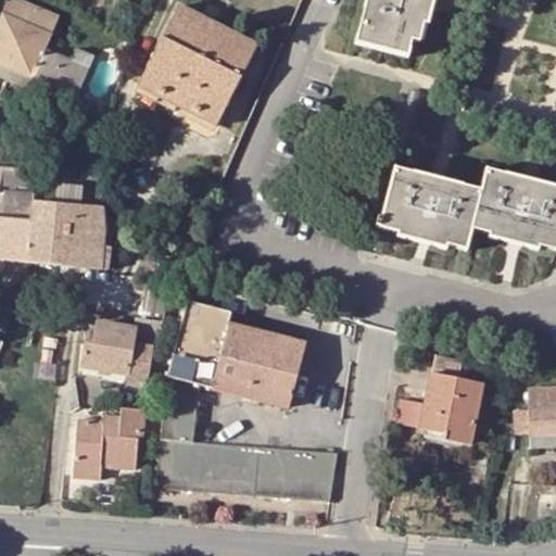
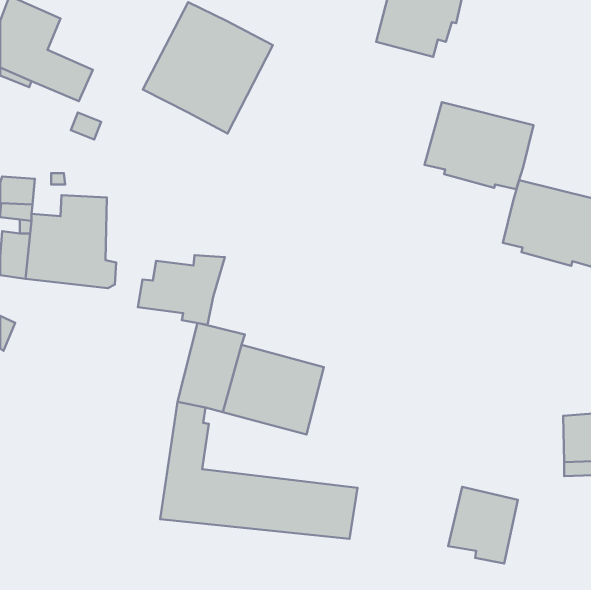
building: [380,166,482,248] -> [424,102,534,189]
building: [81,317,163,382] -> [138,255,225,325]
building: [419,371,484,443] -> [448,487,518,564]
building: [74,405,146,478] -> none

